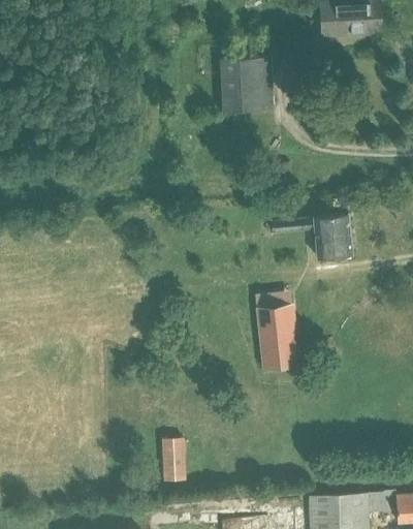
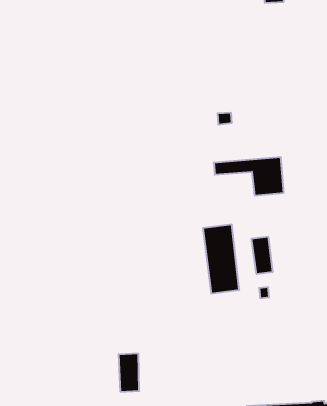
building: [220,57,273,112] -> none
building: none -> [252,237,272,274]

